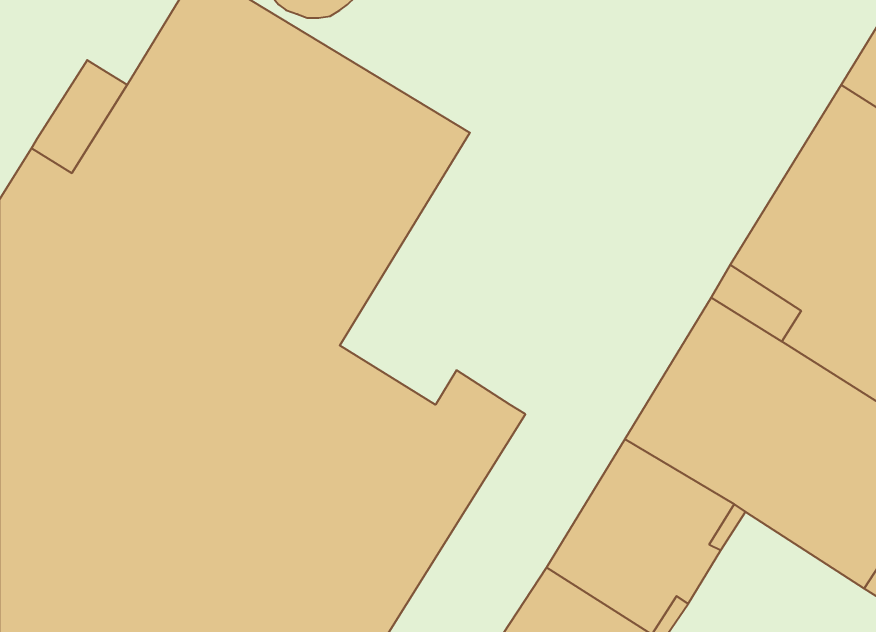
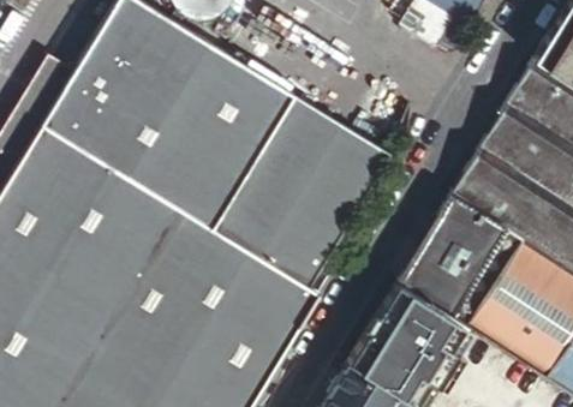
building: none -> [214,92,389,263]

